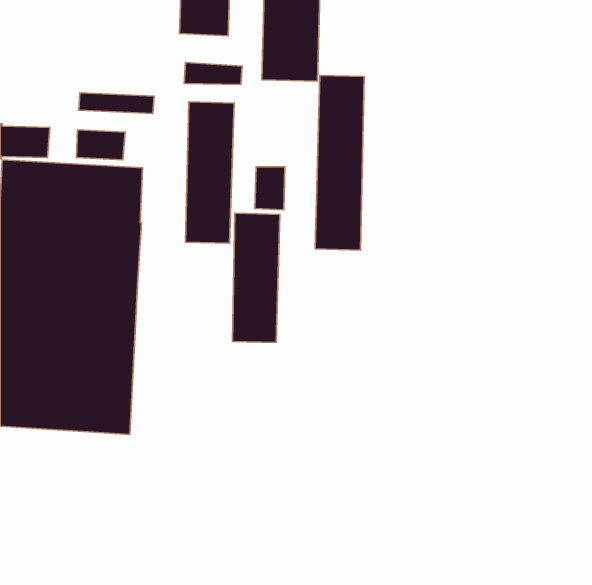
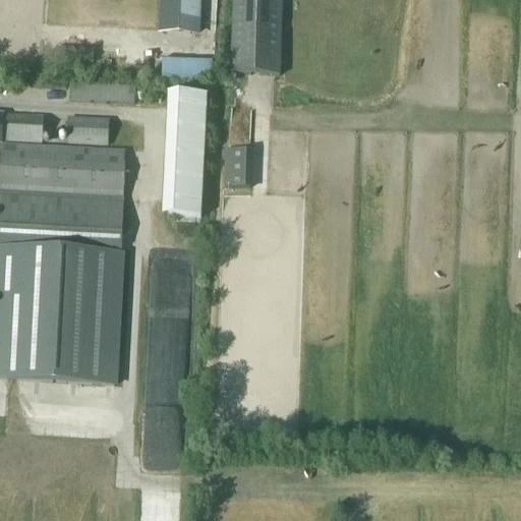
building: [315,75,364,250] -> none
building: [233,213,280,343] -> none

